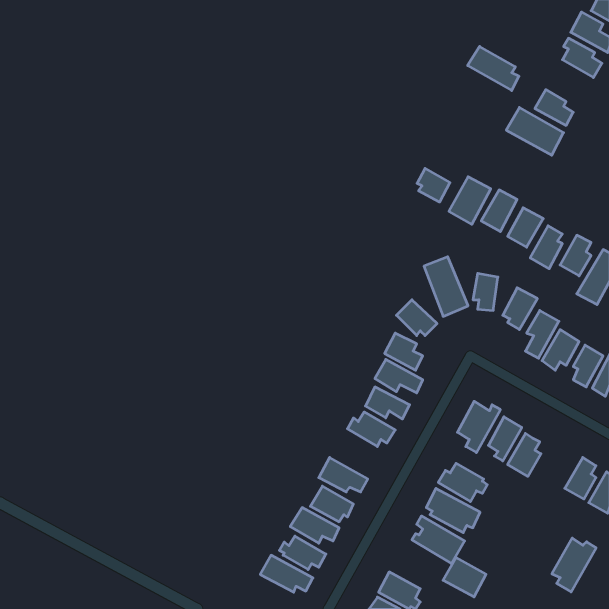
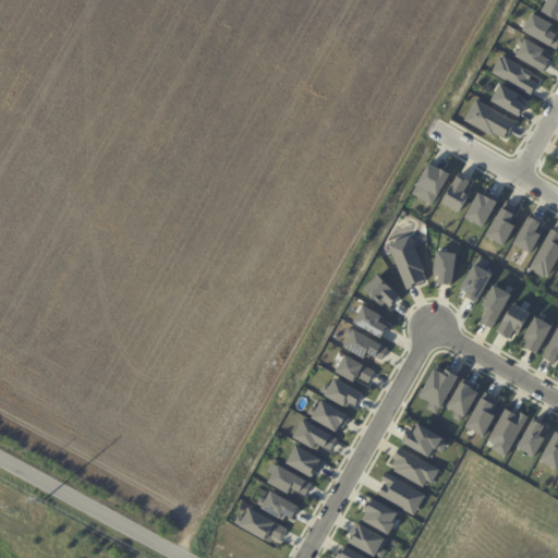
building: [468,46,519,91] -> [490,53,537,94]
building: [417,168,450,202] -> none
building: none -> [306,399,350,430]
building: [552,538,596,592] -> [487,407,527,456]
building: [443,558,486,597] -> [360,497,399,533]

